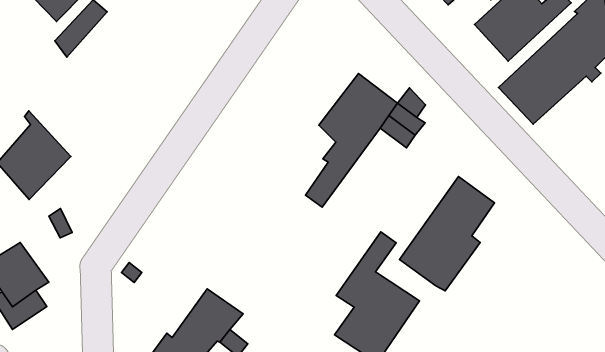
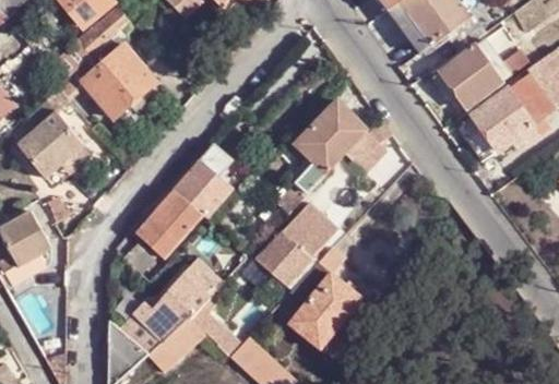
building: none -> [55,44,153,118]
building: none -> [132,145,231,255]
building: [400,177,495,291] -> [257,194,344,291]

